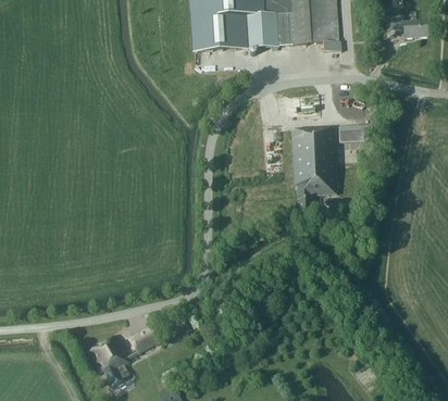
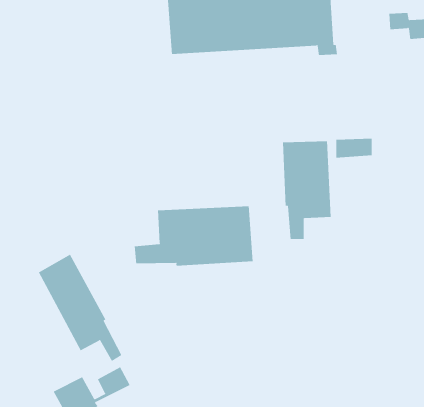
building: none -> [134,205,253,266]
building: none -> [38,254,122,362]

